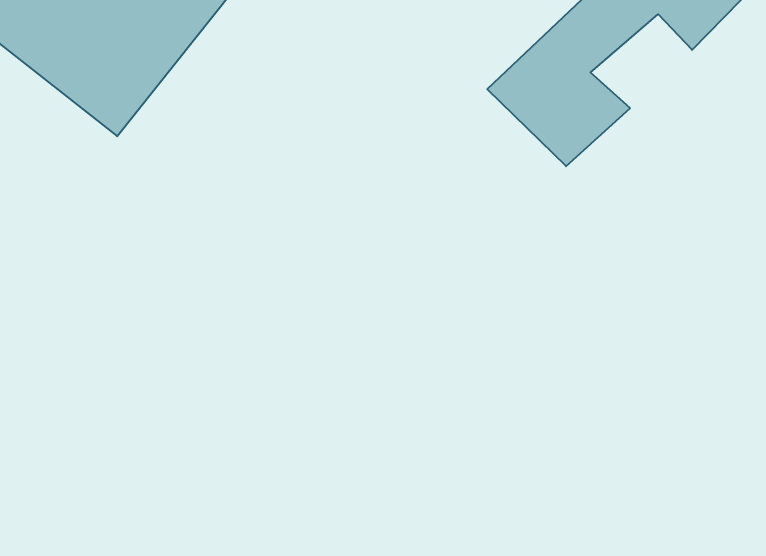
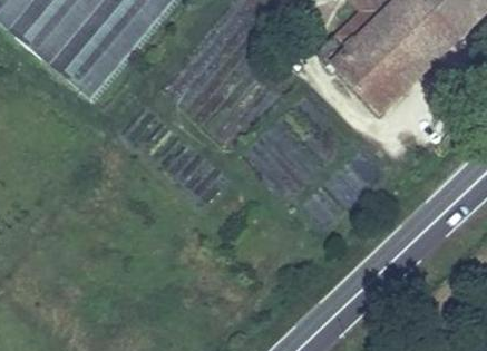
building: none -> [379,23,439,79]

